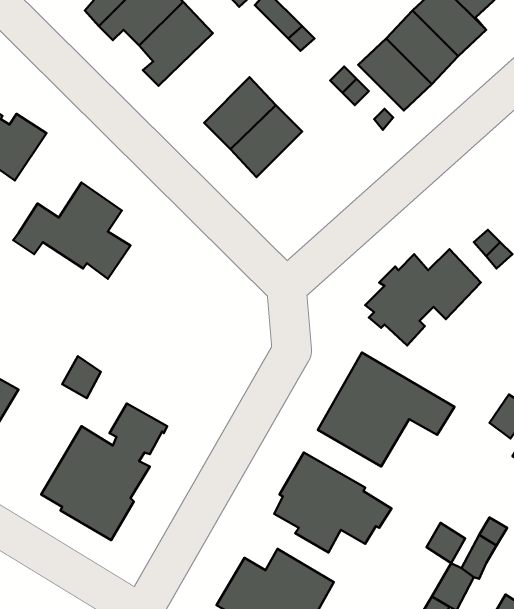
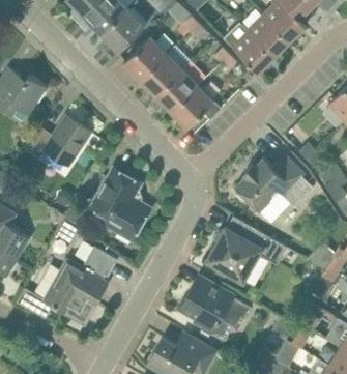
building: none -> [122,36,166,80]
building: none -> [170,85,220,128]
building: none -> [89,168,149,237]

